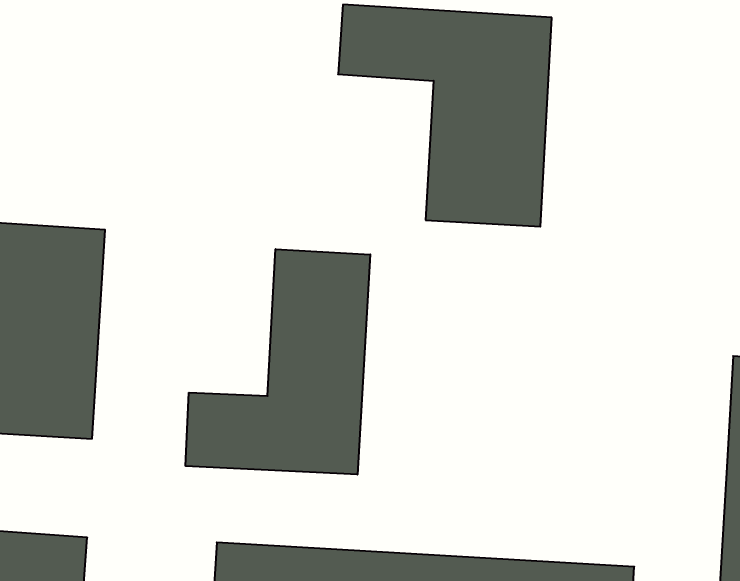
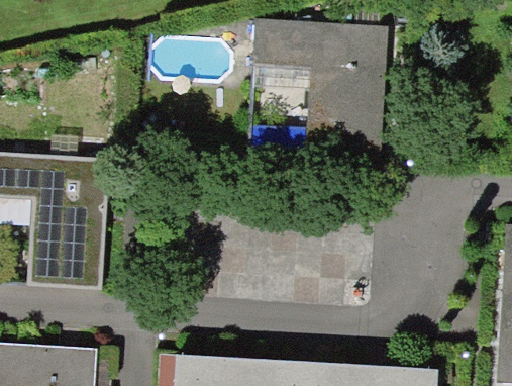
building: [186,249,370,475] -> none

